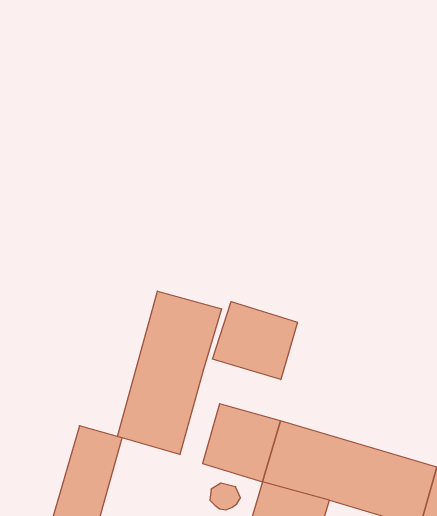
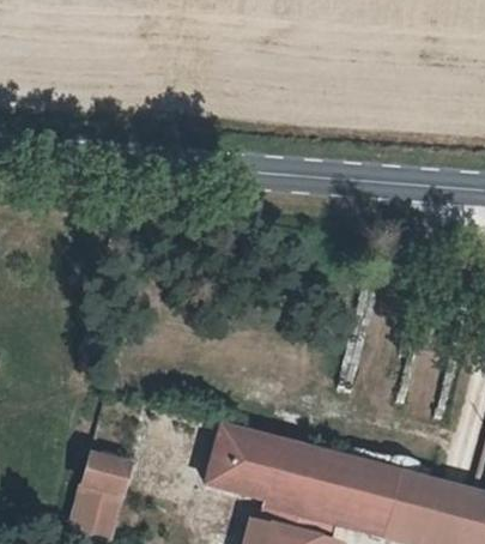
building: [117,291,222,455] -> none
building: [212,302,297,380] -> none

